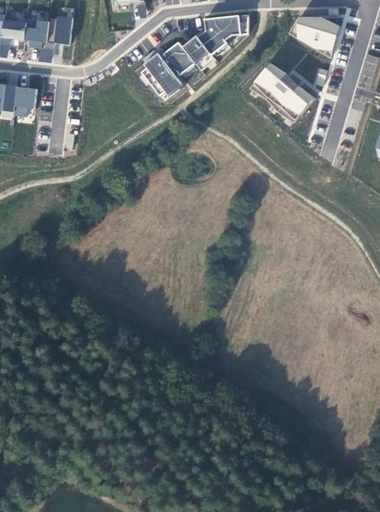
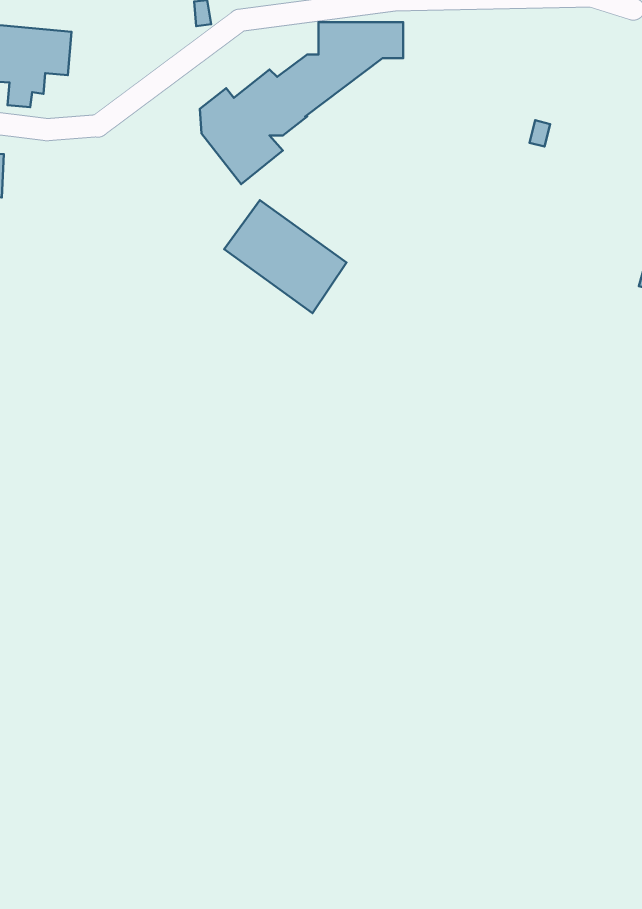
building: [289,9,341,54] -> none
building: [249,61,314,121] -> [224,200,347,313]

